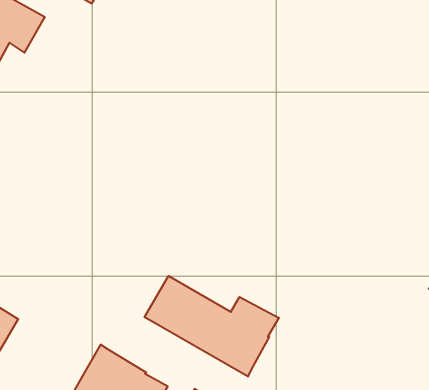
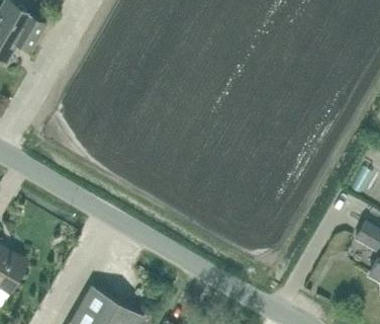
building: [145,276,279,377] -> none

